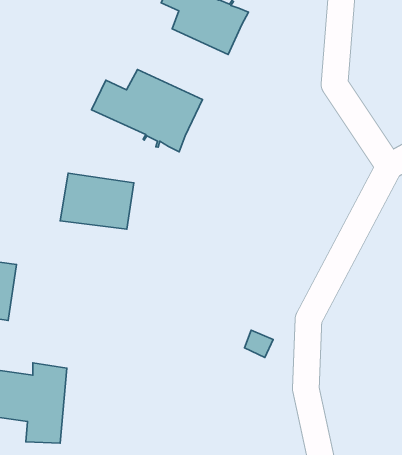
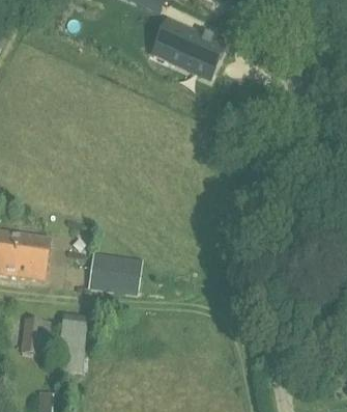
building: [92,69,202,152] -> none
building: [60,173,134,229] -> [85,252,141,295]

